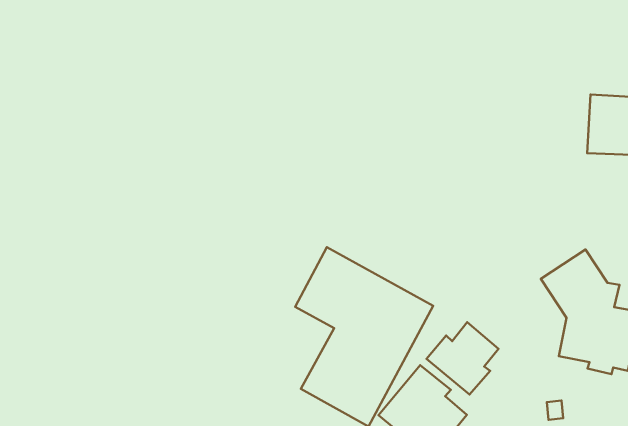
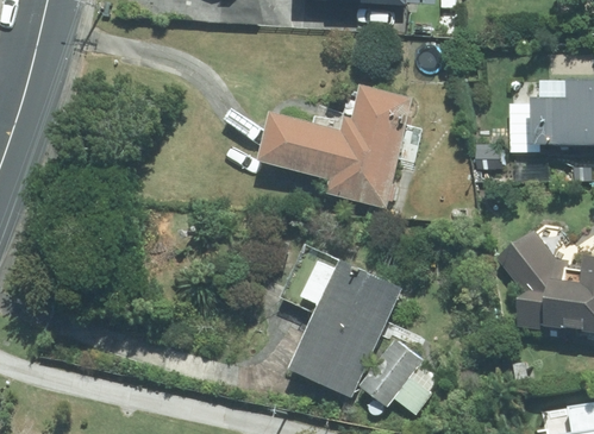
building: none -> [261,83,415,209]
building: [427,322,499,394] -> none

